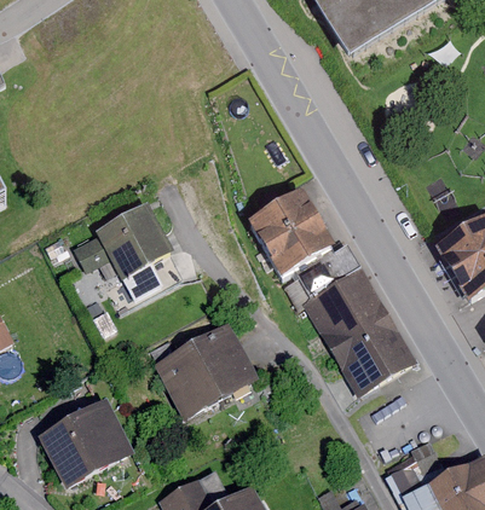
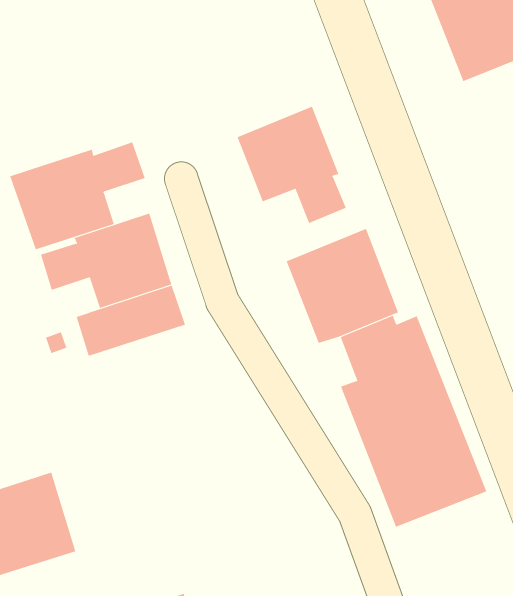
building: none -> [237,106,346,224]
building: none -> [10,142,145,250]
building: [154,320,256,416] -> none

